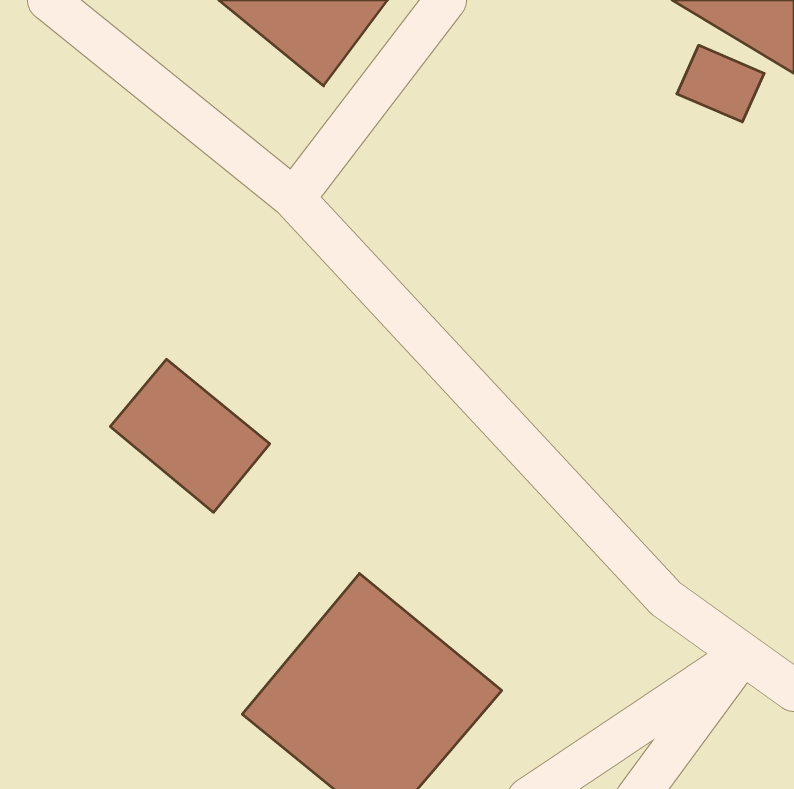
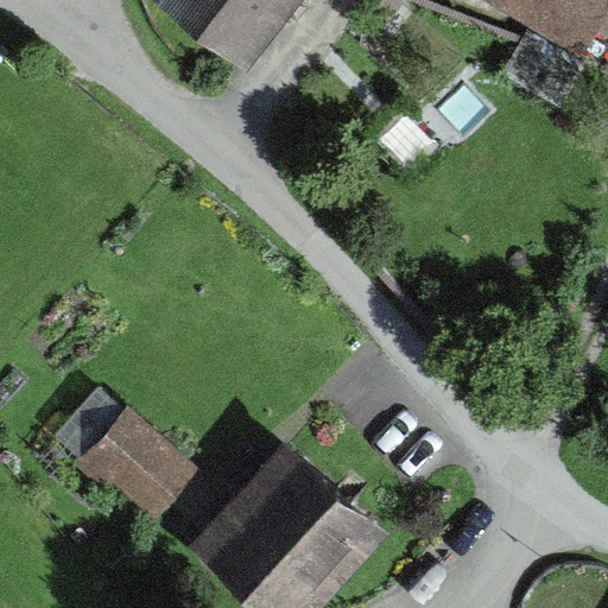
building: [110,359,270,512] -> [83,405,204,521]

